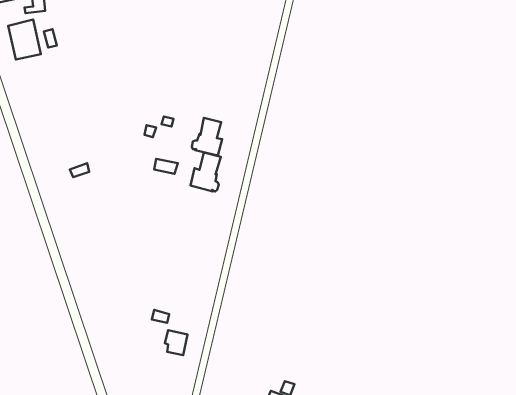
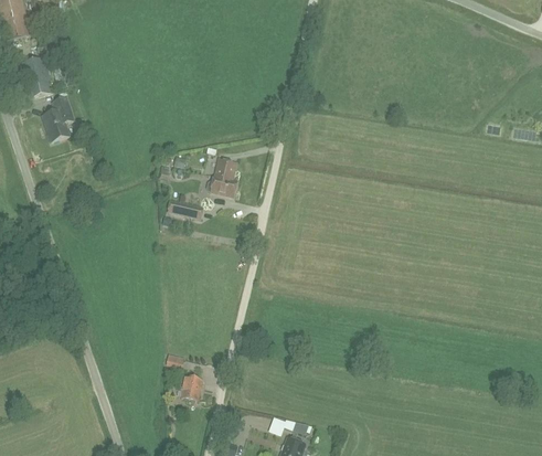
building: none -> [40,95,74,142]
building: [190,152,221,191] -> none

